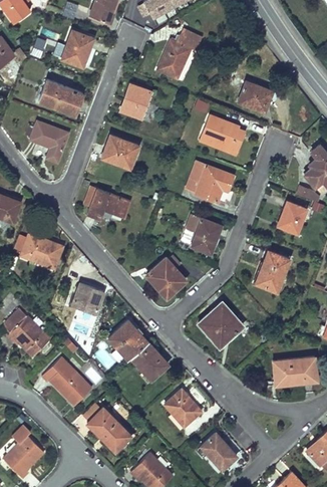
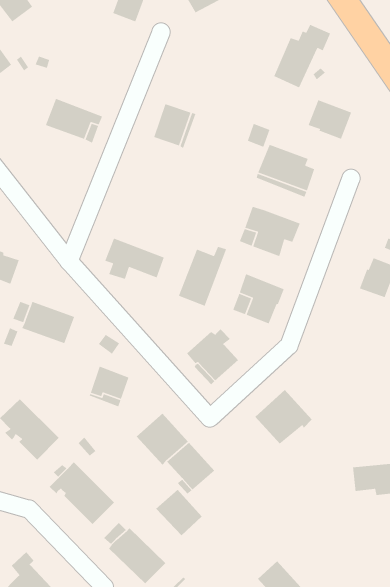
building: [156,30,201,79] -> [273,24,331,89]
building: [61,31,93,67] -> none
building: [25,123,67,163] -> none
building: [101,136,138,169] -> none
building: none -> [178,246,227,307]
building: [255,251,288,291] -> none
building: [164,390,200,426] -> [155,489,203,536]

